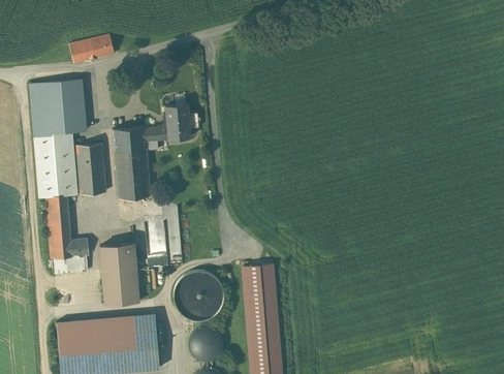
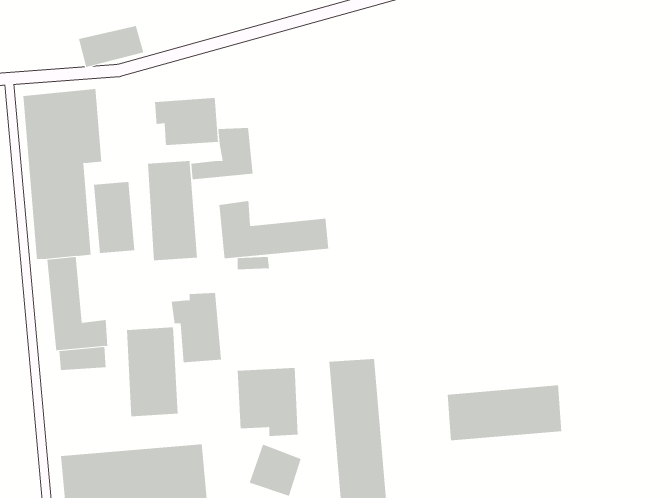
building: none -> [154,97,218,146]
building: none -> [218,200,329,259]
building: none -> [447,385,562,441]

